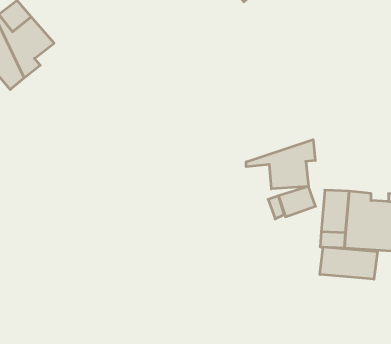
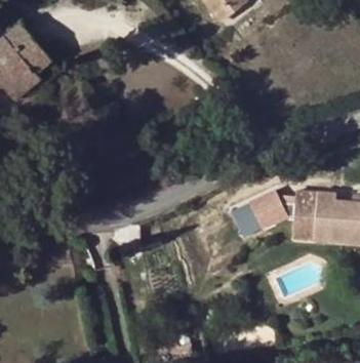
building: [246,140,315,189] -> none
building: [320,247,377,279] -> none

